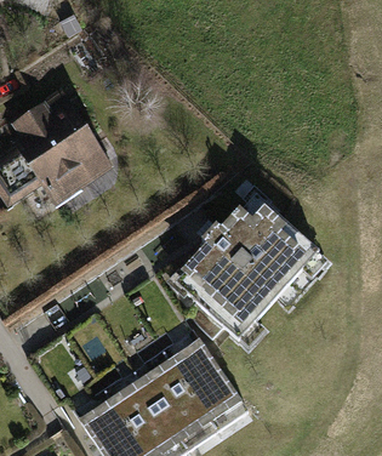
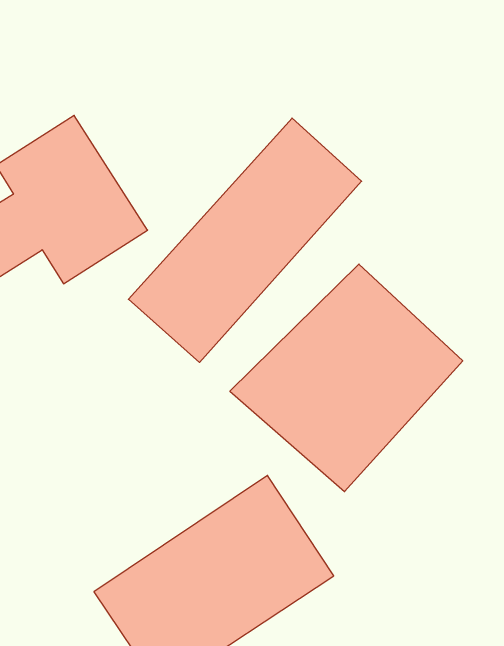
building: none -> [128,118,362,362]

